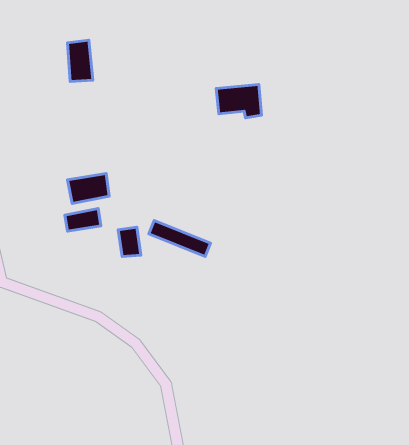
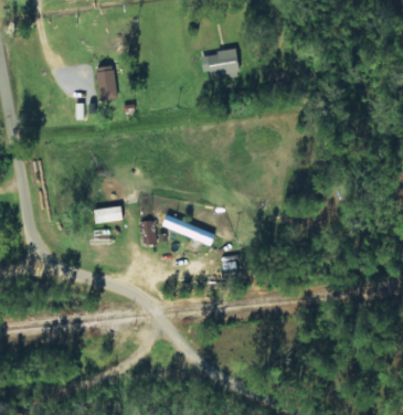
building: [216,85,262,118] -> [201,51,238,78]
building: [68,174,109,203] -> none

